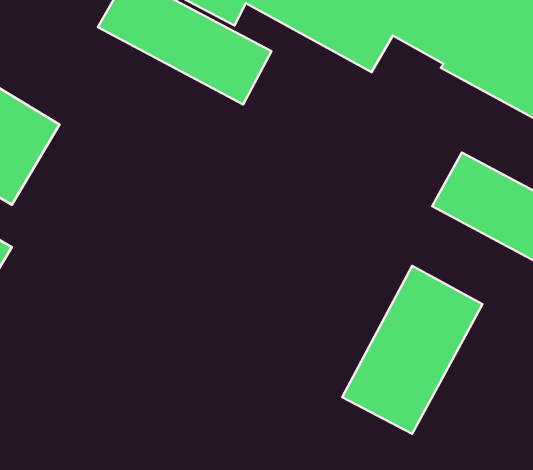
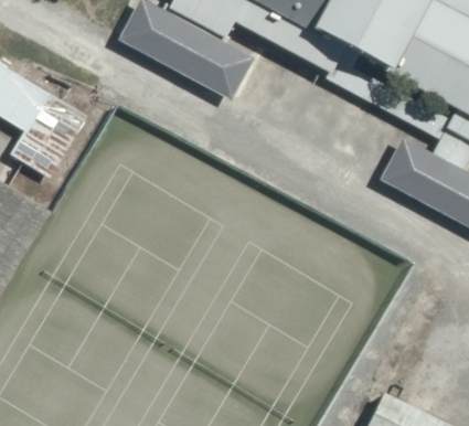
building: [342,266,482,434] -> none

